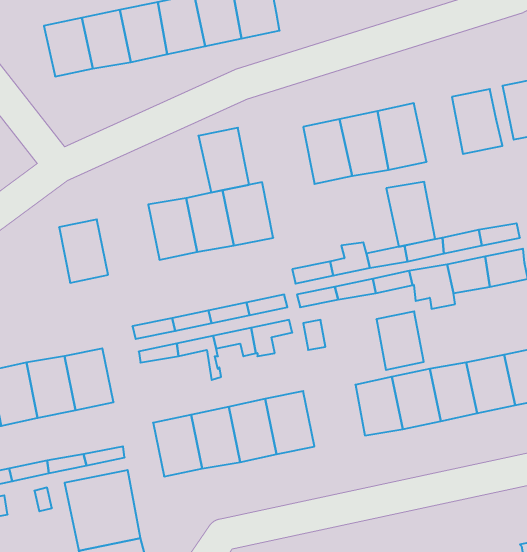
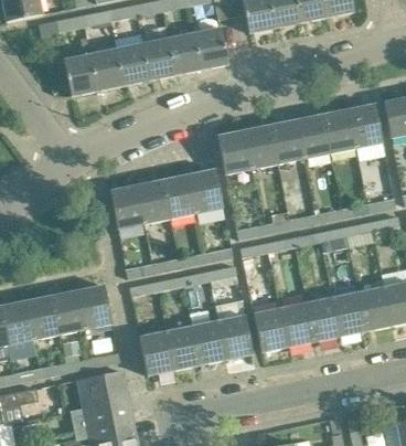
building: [198,128,249,193] -> [216,130,252,176]
building: [386,182,435,247] -> [321,109,355,155]
building: [59,219,108,283] -> [109,184,143,229]
building: [376,311,424,370] -> [254,310,287,351]

